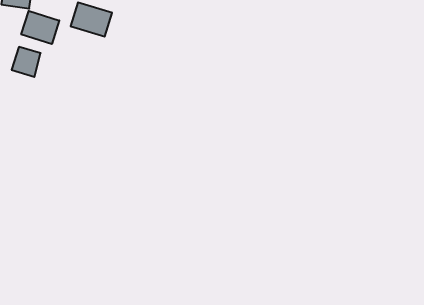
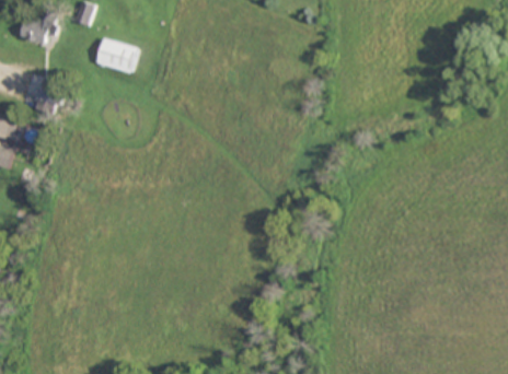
building: [21,11,59,44] -> none

